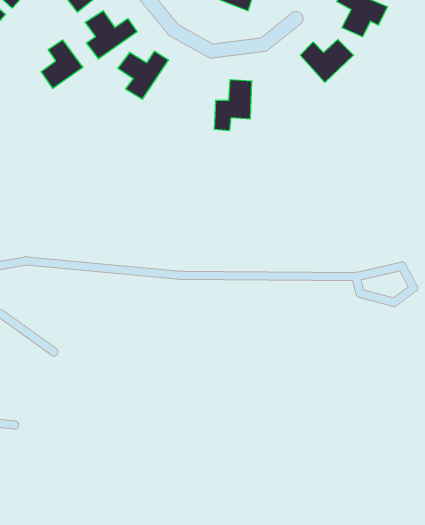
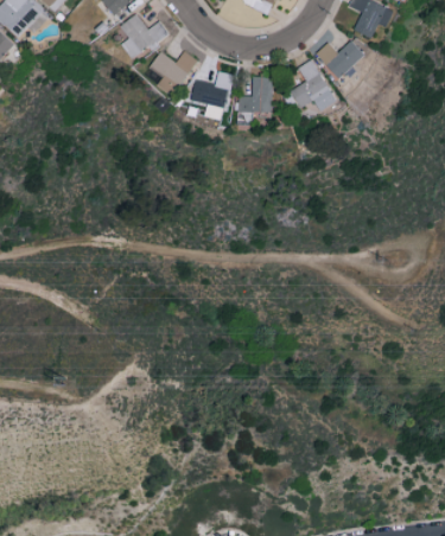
building: [41,40,83,89] -> none
building: none -> [290,60,337,113]
building: none -> [191,72,229,120]

